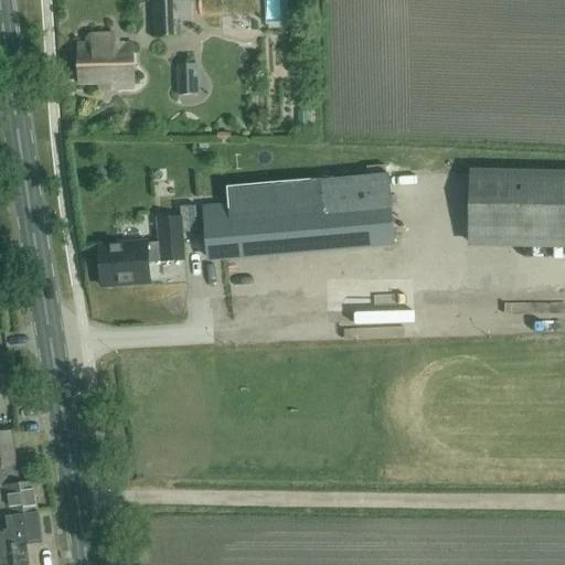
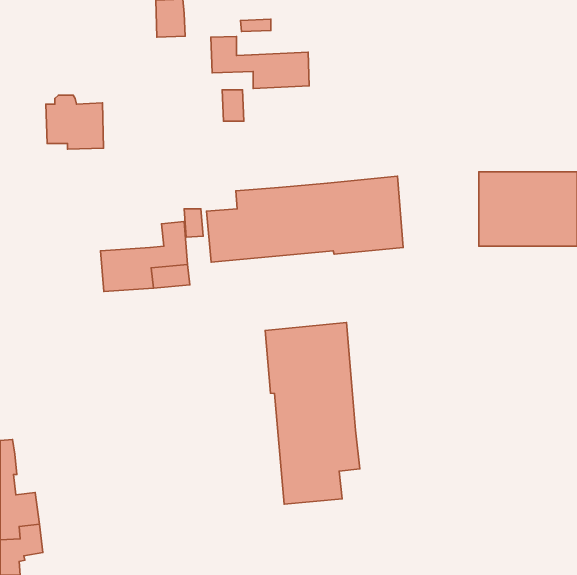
building: [78,34,135,87] -> [46,95,104,149]
building: none -> [211,36,309,89]
building: [178,63,199,94] -> [222,90,244,121]
building: none -> [265,322,360,504]

